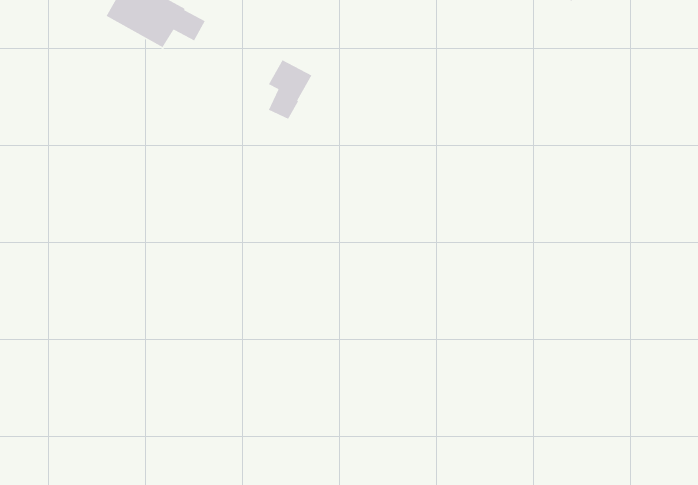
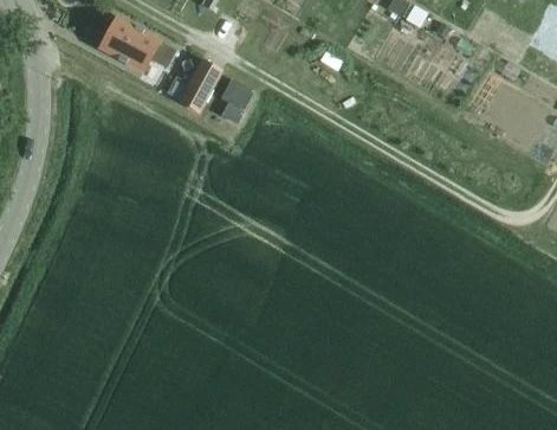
building: none -> [176,58,221,113]

